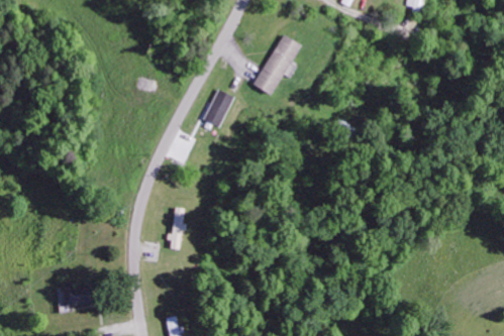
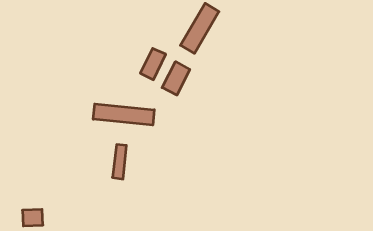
building: none -> [162,62,190,95]
building: none -> [93,104,154,125]

